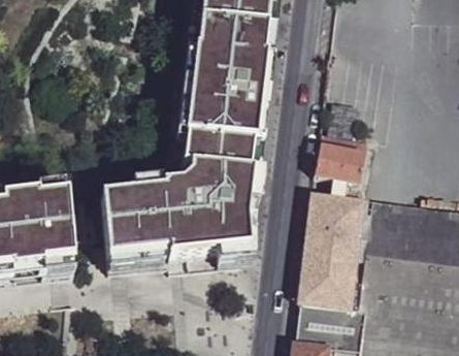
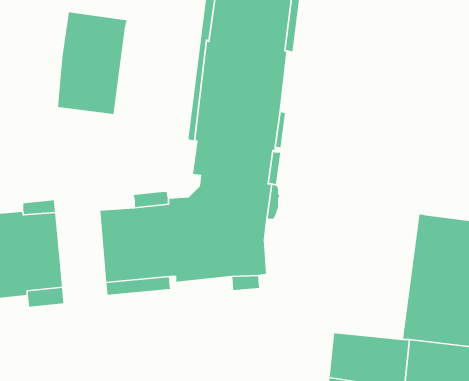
building: none -> [57,12,128,115]
building: [318,129,376,183] -> none
building: [302,194,376,309] -> none

